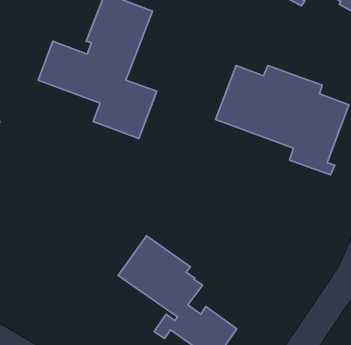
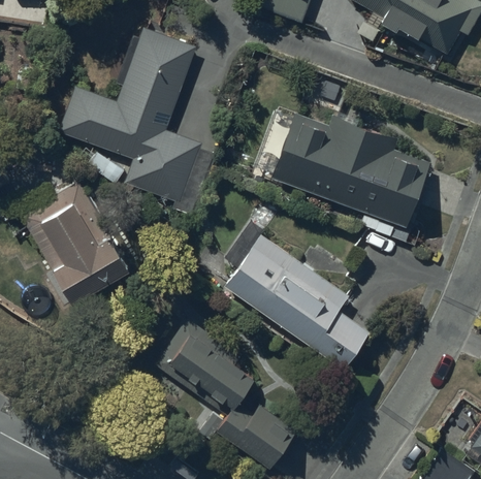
building: none -> [22,180,131,301]
building: none -> [224,233,368,369]

